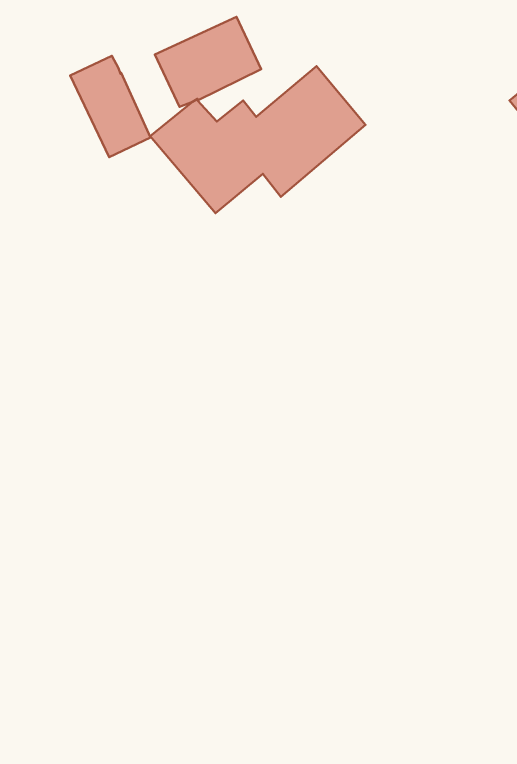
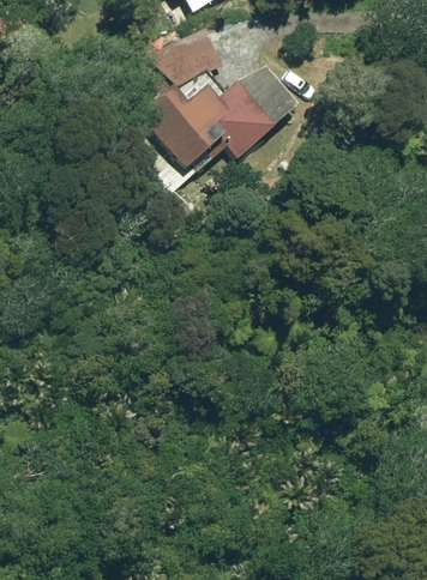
building: [70,56,151,157] -> none

